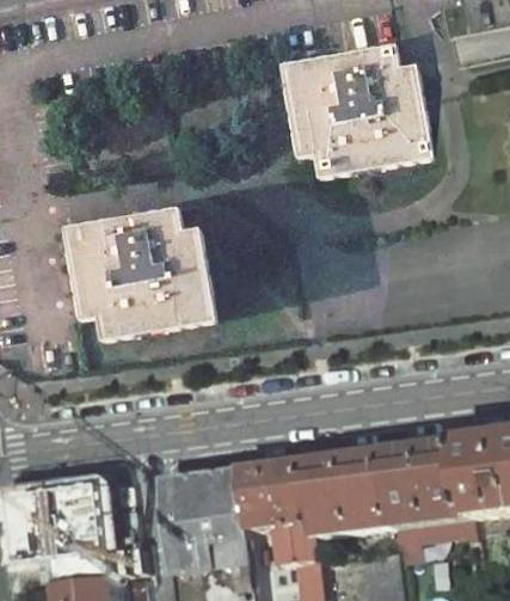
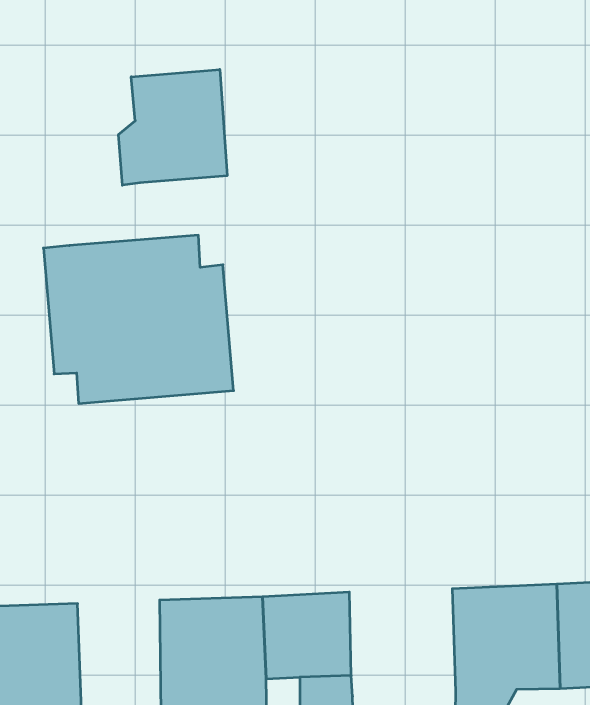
building: [279,42,432,176] -> none
building: none -> [119,69,227,185]
building: [315,450,401,538] -> none

